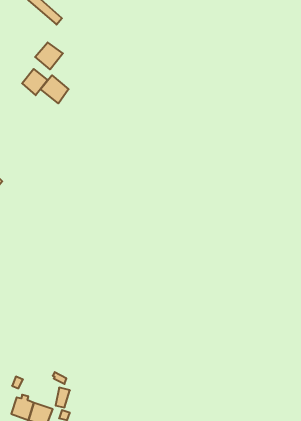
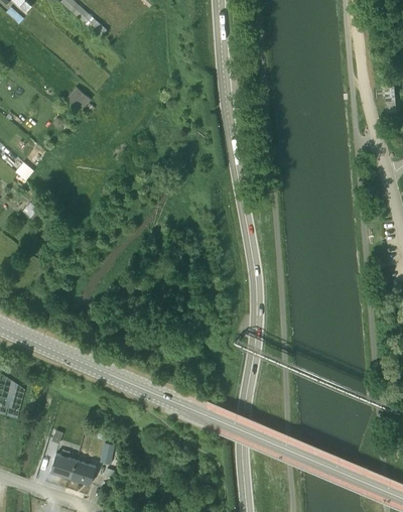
building: [35,42,63,69] -> none
building: [40,75,69,103] -> none

